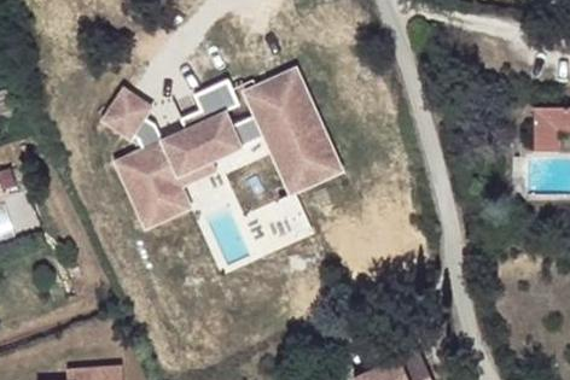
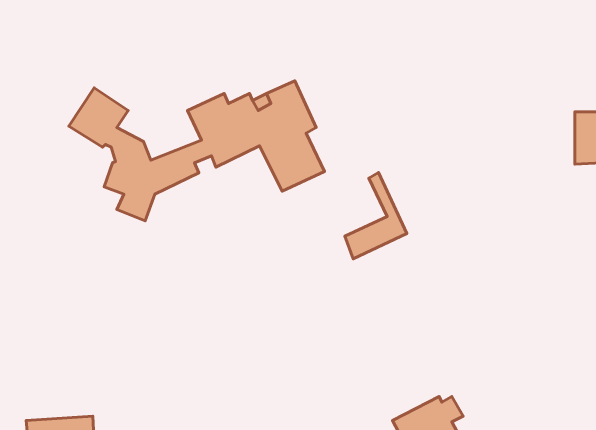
building: [283,121,336,194] -> [345,172,407,259]
building: [114,151,216,228] -> none

